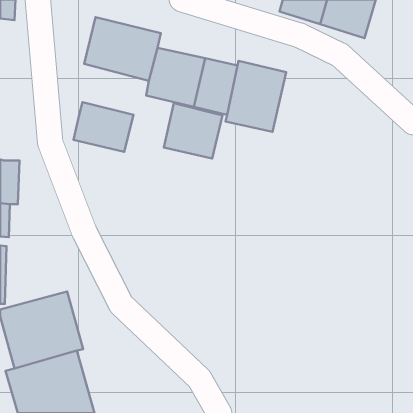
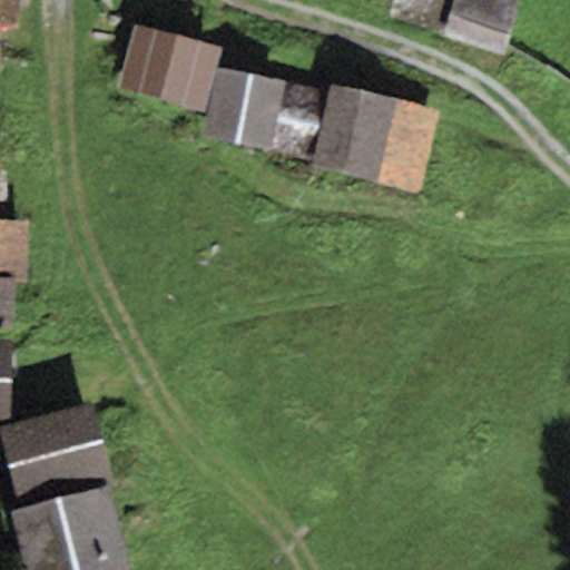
building: none -> [375,99,439,191]
building: [73,102,134,152] -> none
building: [164,103,223,159] -> none

